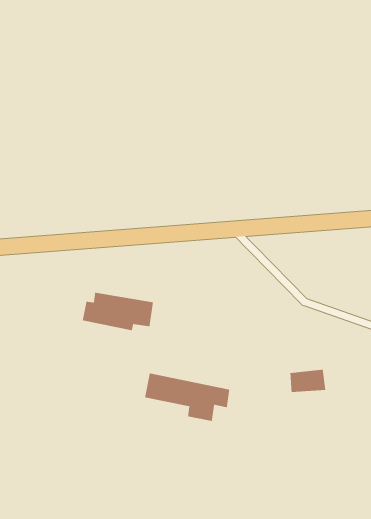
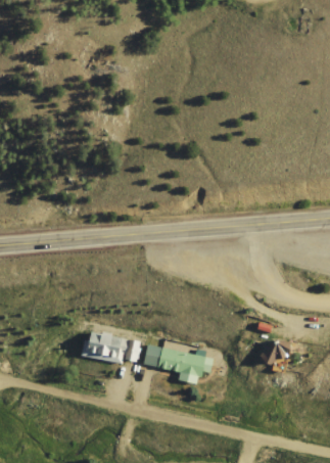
building: [82,292,154,331] -> [81,331,139,363]

